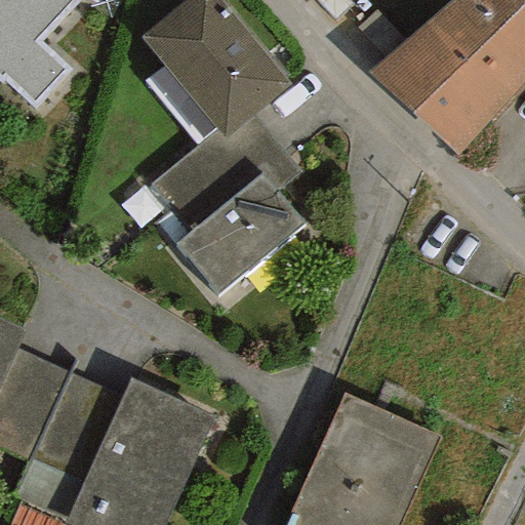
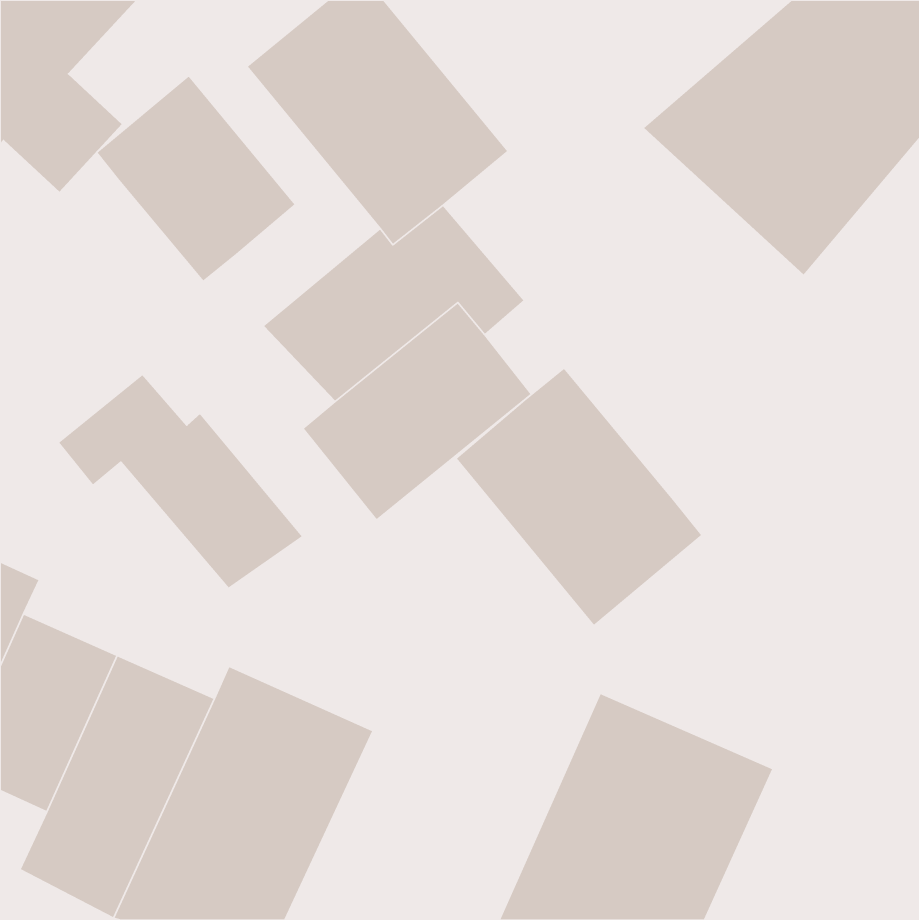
building: none -> [96,75,296,282]
building: none -> [456,368,702,626]
building: none -> [58,374,303,589]

